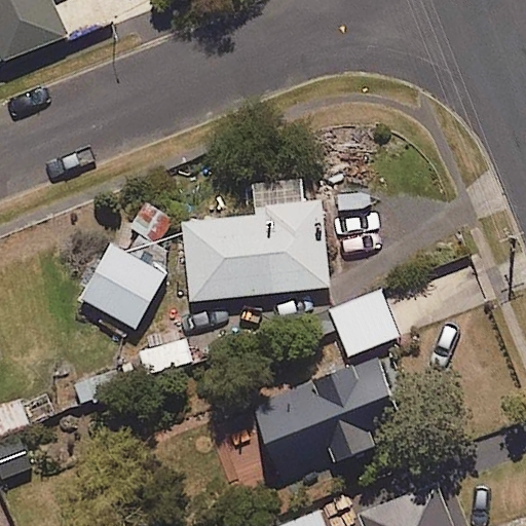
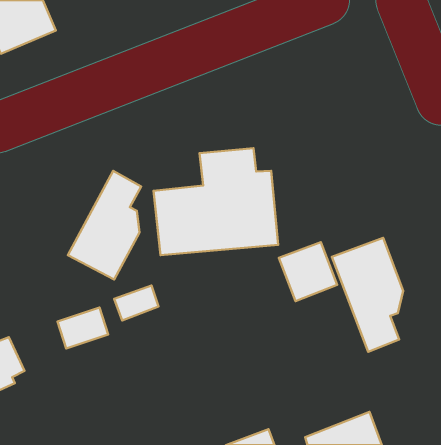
building: none -> [332,238,403,352]
building: [251,358,406,483] -> none

